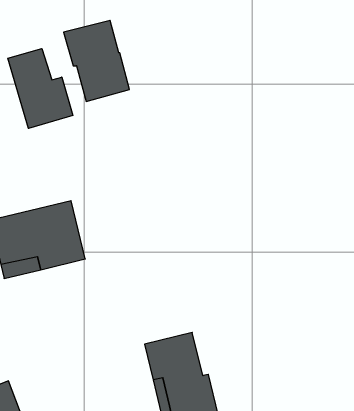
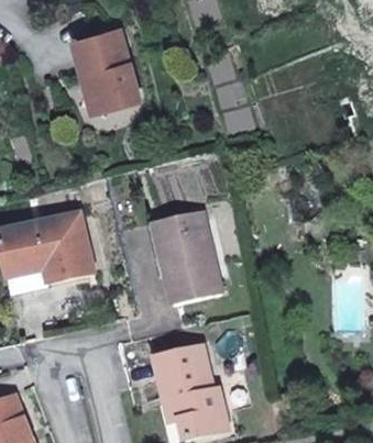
building: [8,49,73,128] -> none
building: none -> [153,209,221,303]

